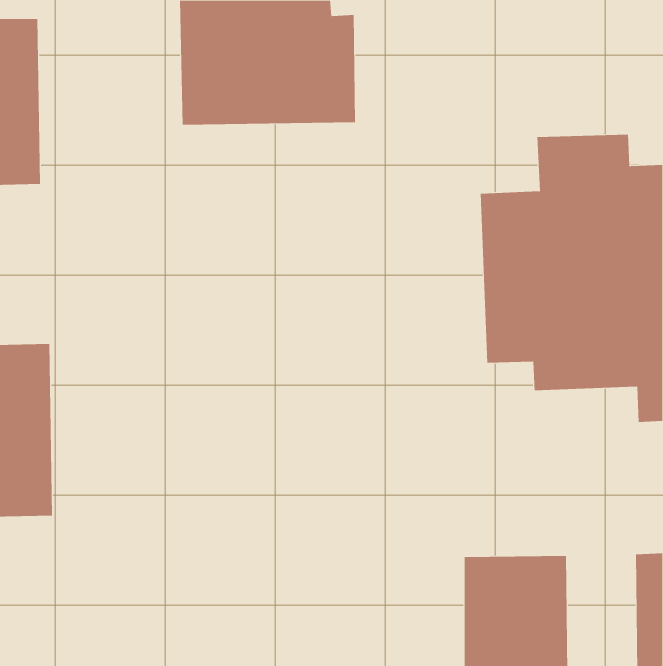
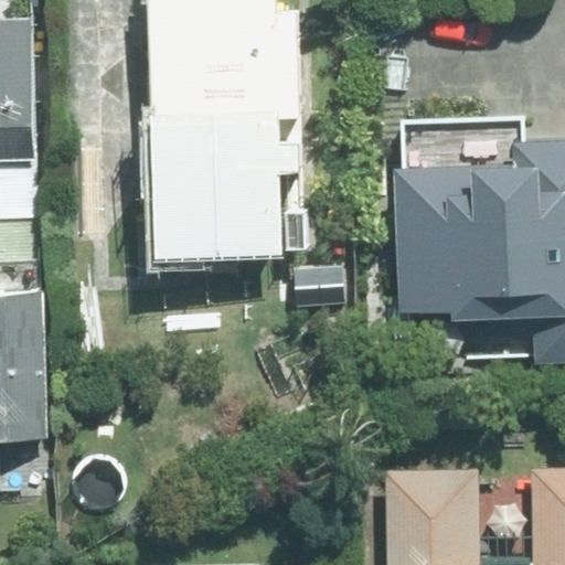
building: none -> [152,114,301,259]

